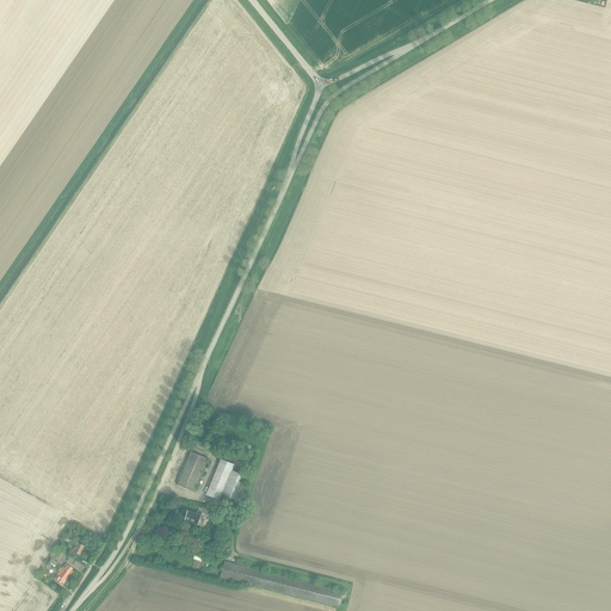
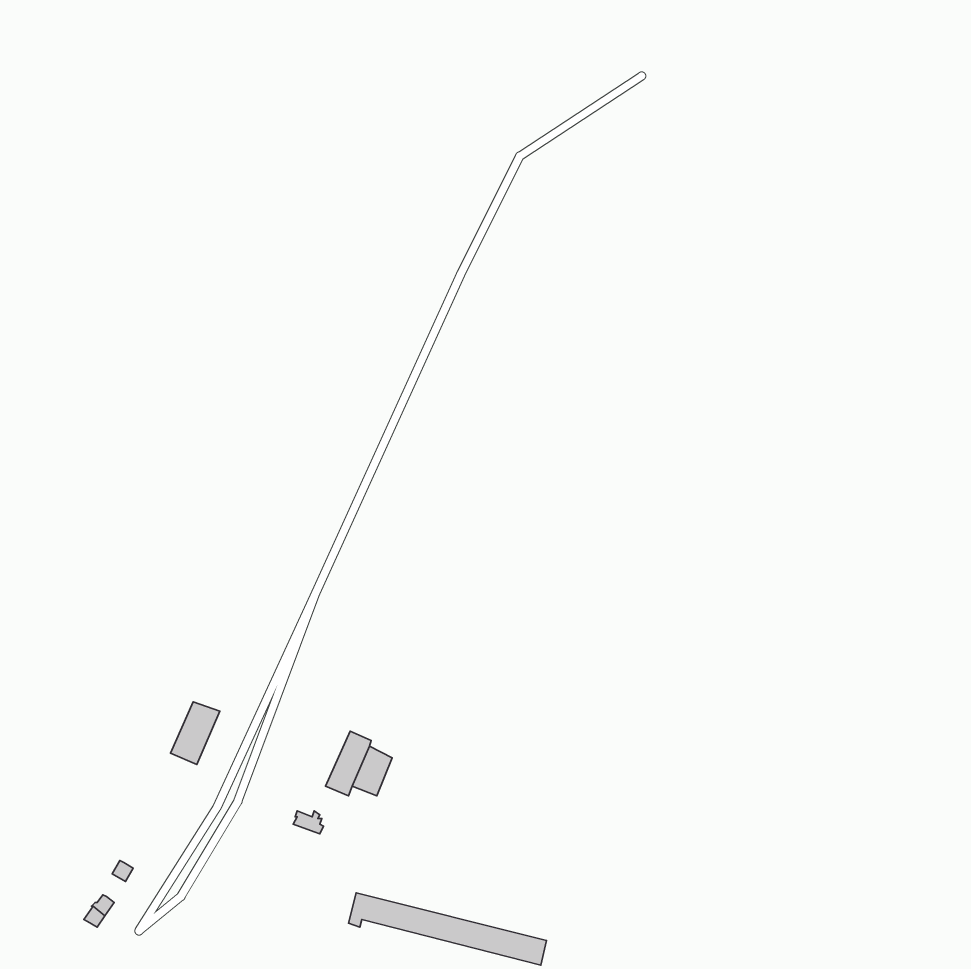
building: [175,450,206,489] -> [170,702,220,765]

